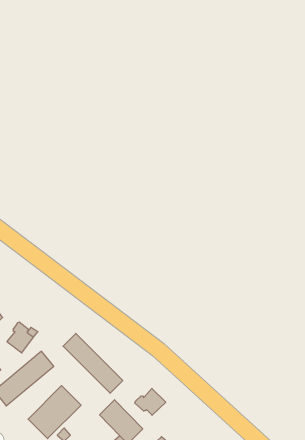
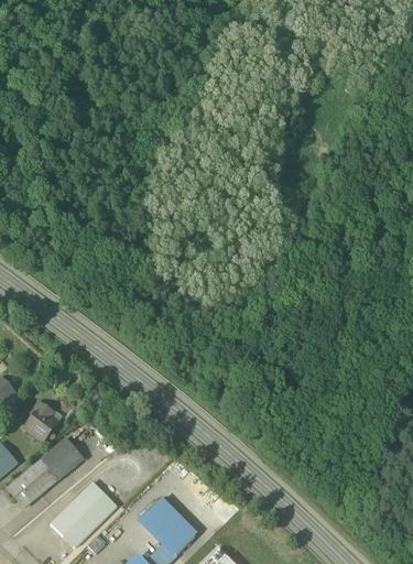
building: [63,333,123,393] -> none
building: [135,388,166,415] -> none

